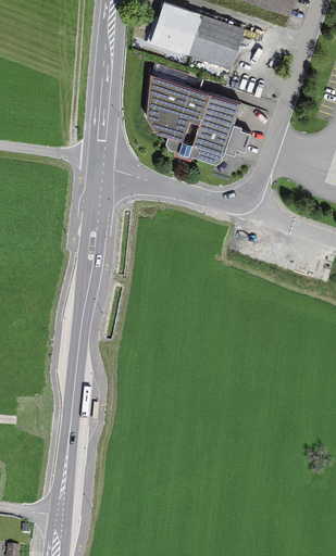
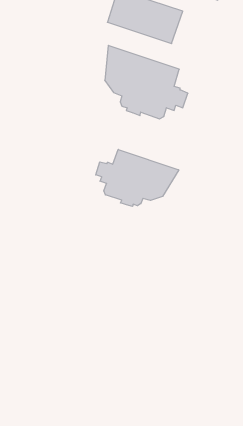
building: none -> [96,149,179,206]

